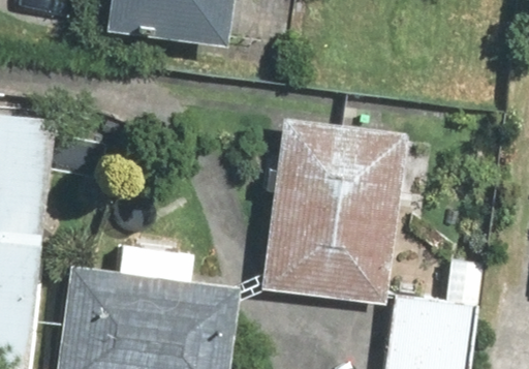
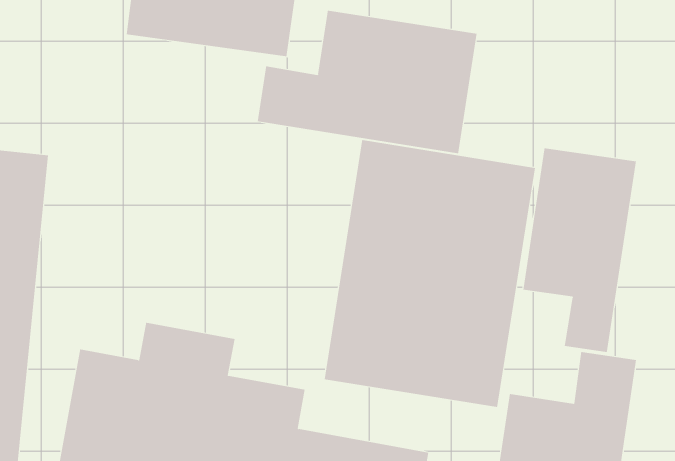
building: none -> [257,10,477,154]
building: none -> [523,147,637,353]

